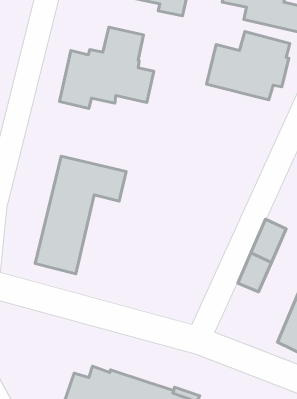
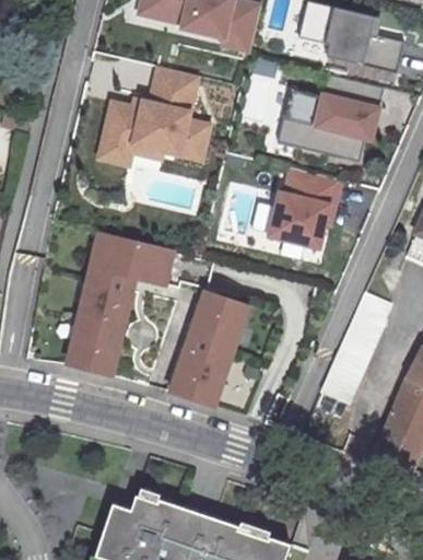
building: none -> [267,166,344,250]
building: none -> [168,289,254,408]

